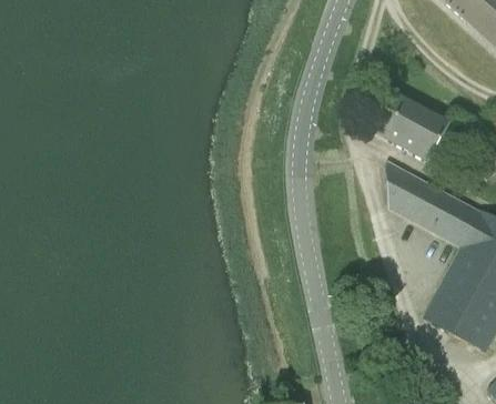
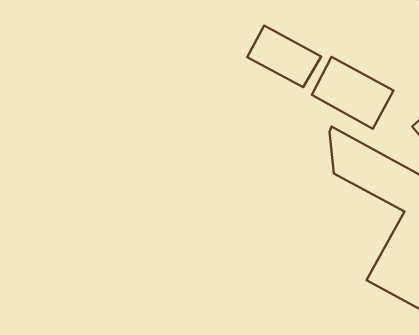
building: none -> [247,25,321,87]

